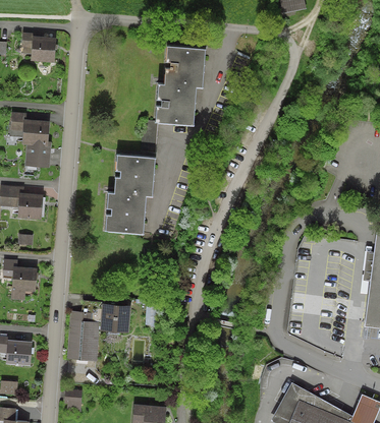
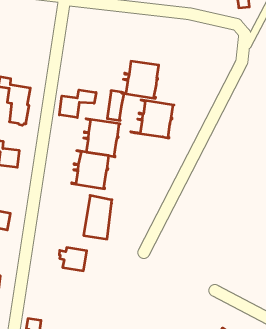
building: [21,35,54,60] -> none
building: [157,46,205,87] -> [131,100,174,138]
building: none -> [59,90,96,118]
building: [67,311,97,360] -> [84,195,112,239]

